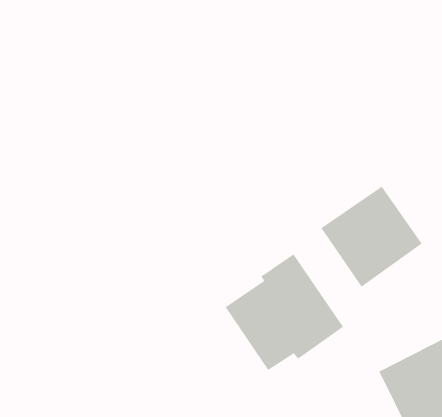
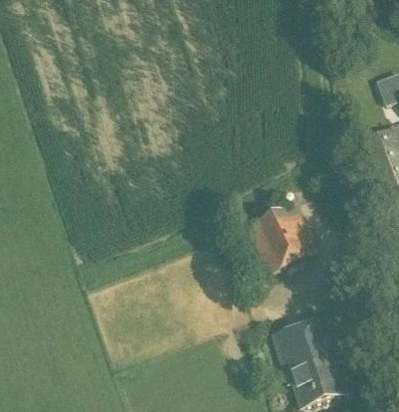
building: [225,254,344,371] -> none

